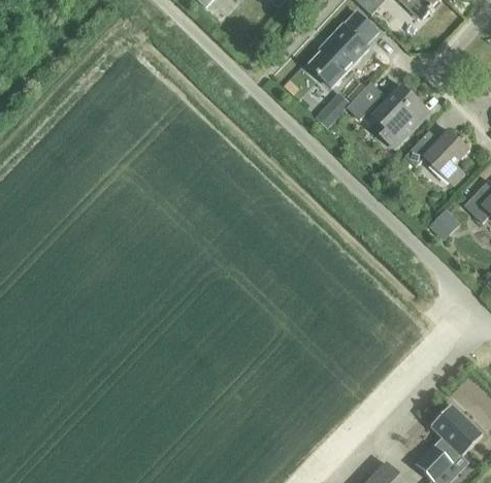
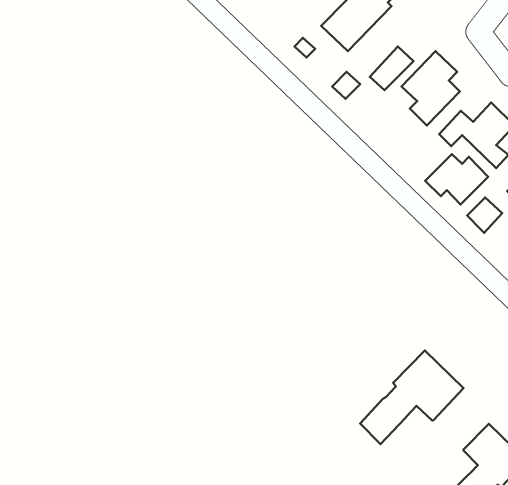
building: none -> [425,154,488,205]
building: none -> [360,351,464,444]

